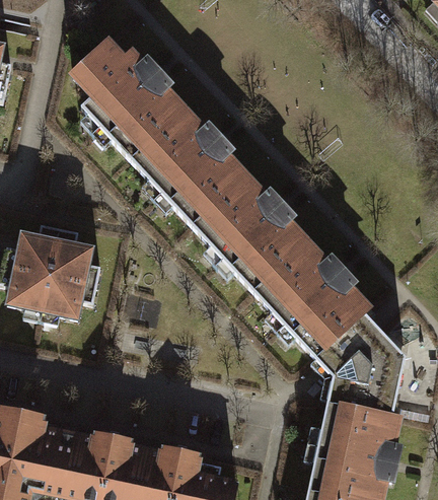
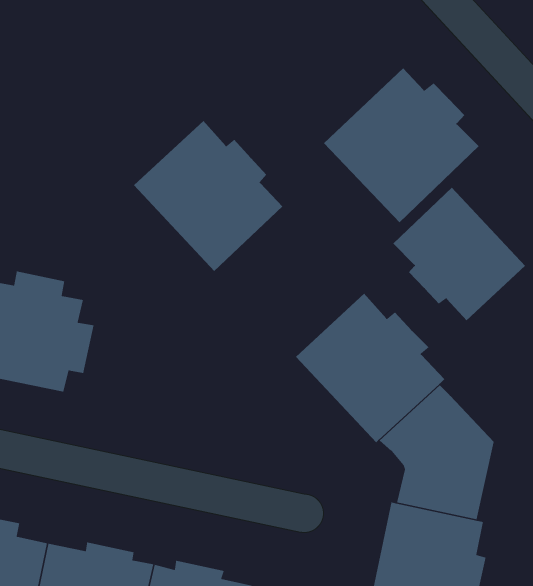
building: [74,41,185,158] -> none
building: none -> [323,68,479,223]
building: none -> [393,187,526,321]
building: [193,174,307,289] -> none

